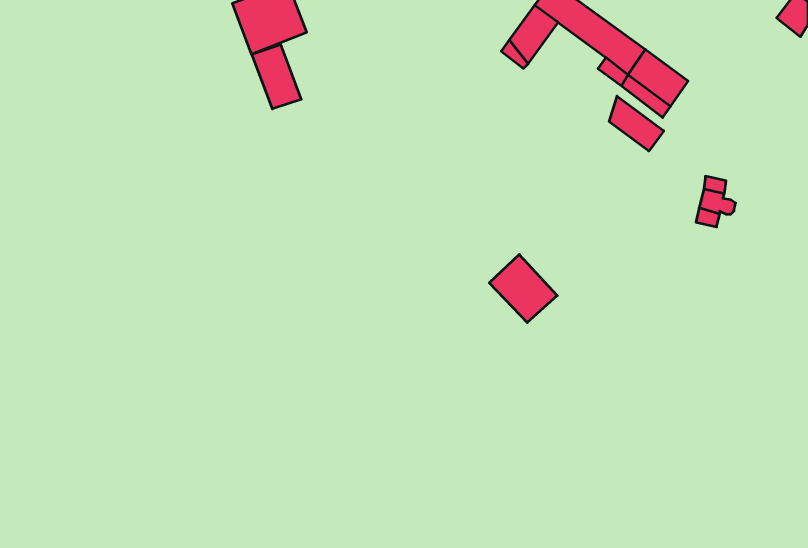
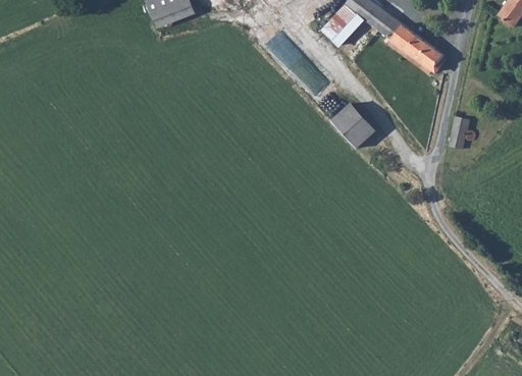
building: [252,44,301,109] -> none
building: [609,96,664,151] -> none
building: [489,254,557,323] -> [332,107,376,151]

